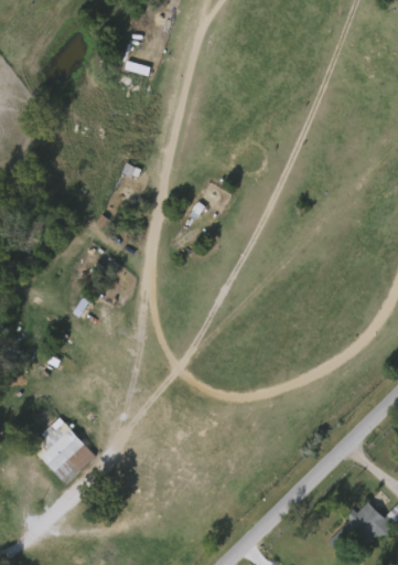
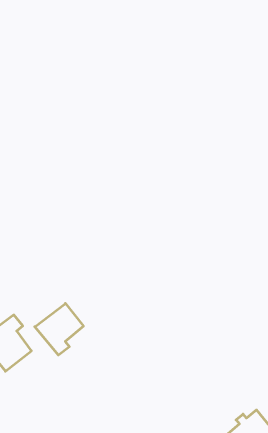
building: none -> [35,303,83,355]

